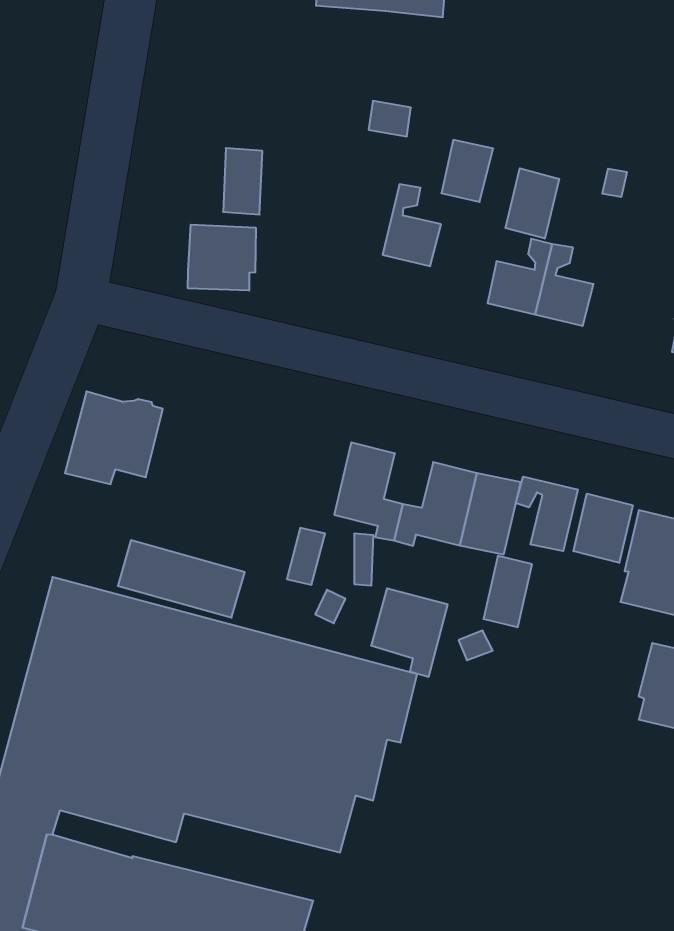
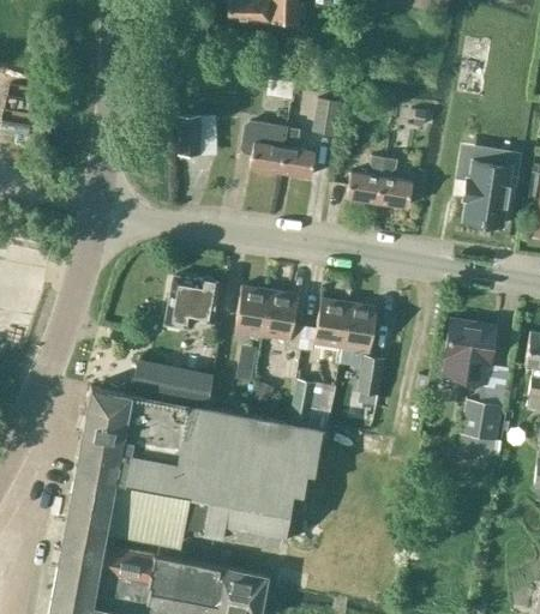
building: [505,168,559,239] -> none
building: none -> [242,122,288,173]
building: [188,225,256,291] -> none
building: [65,391,163,484] -> [163,275,221,331]
building: none -> [235,287,270,336]
building: [516,477,578,551] -> none
building: [573,494,633,563] -> none

